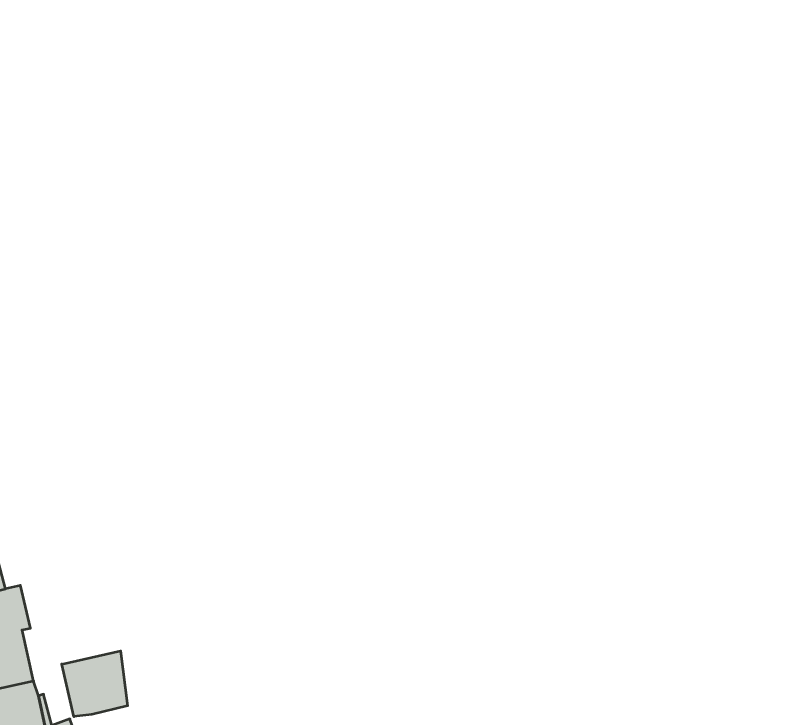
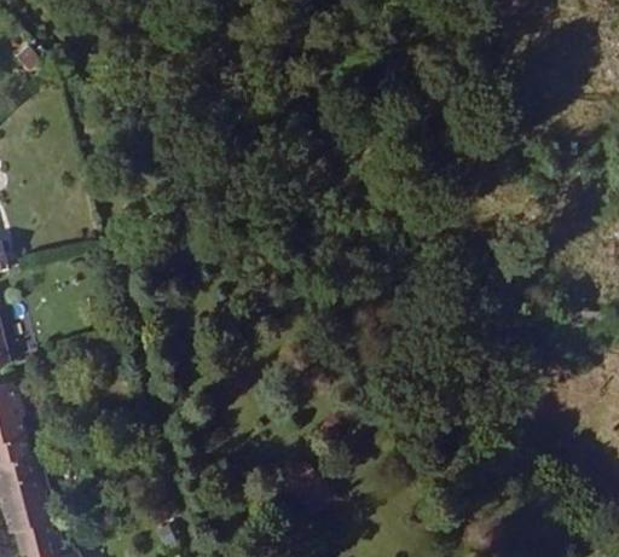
building: [62,651,128,717] -> none

